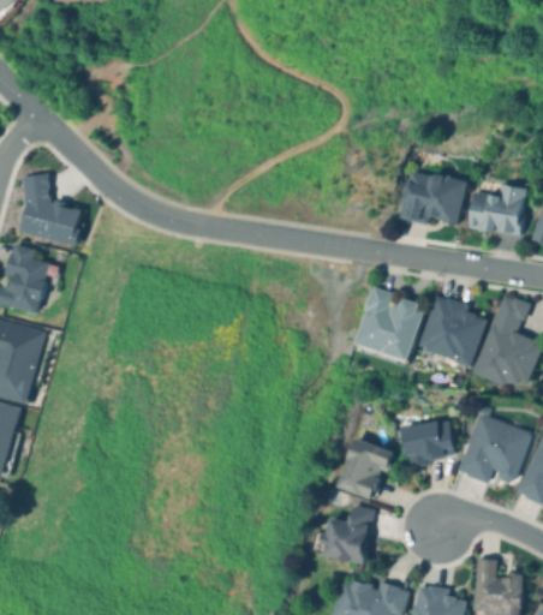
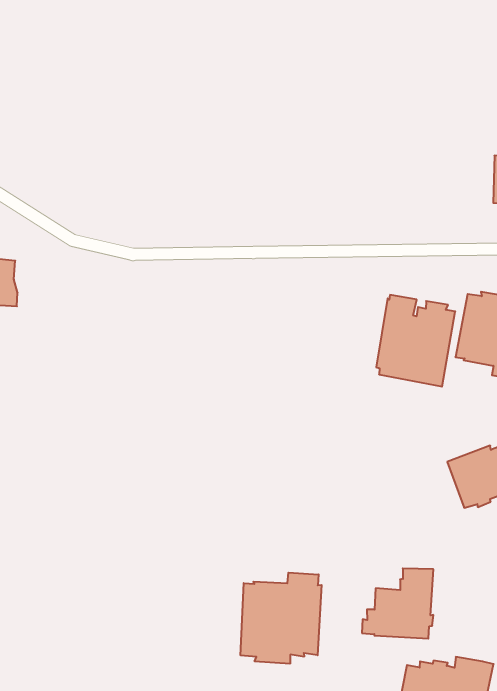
building: [399,172,467,226] -> none
building: [338,437,393,500] -> none
building: none -> [241,573,322,664]

